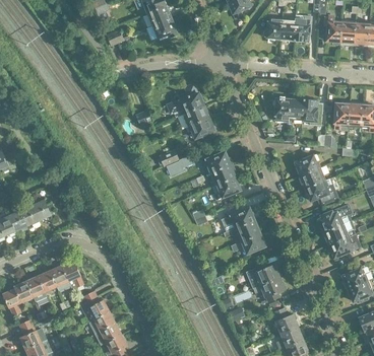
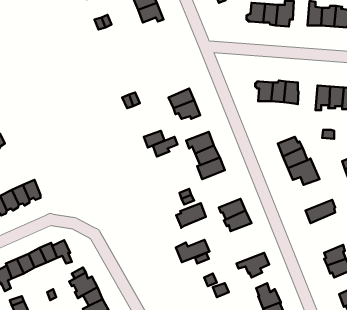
building: [167,84,203,118] -> none
building: [318,205,351,232] -> none
building: [226,206,256,231] -> [176,203,206,228]
building: [328,234,360,258] -> none
building: [246,264,280,287] -> [176,240,209,262]

